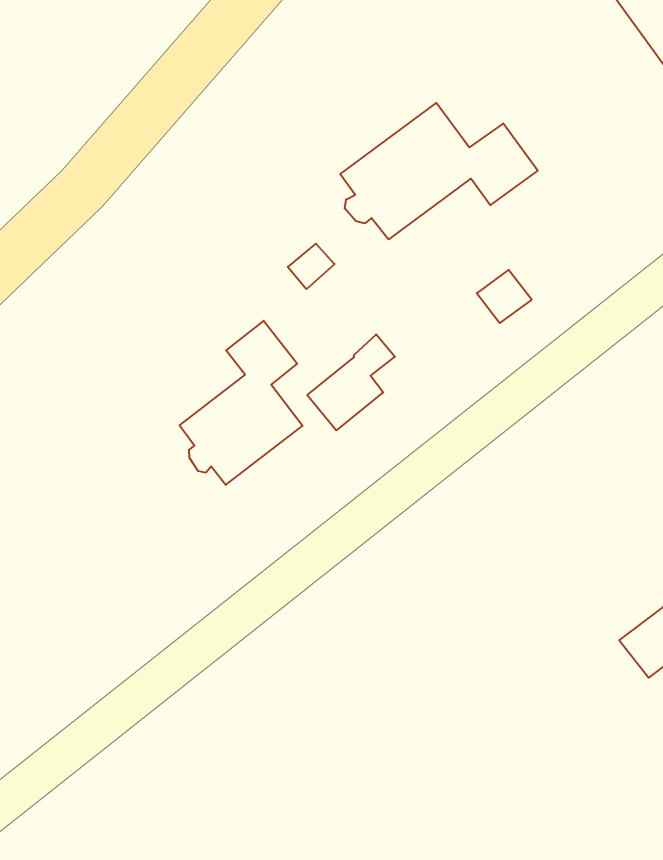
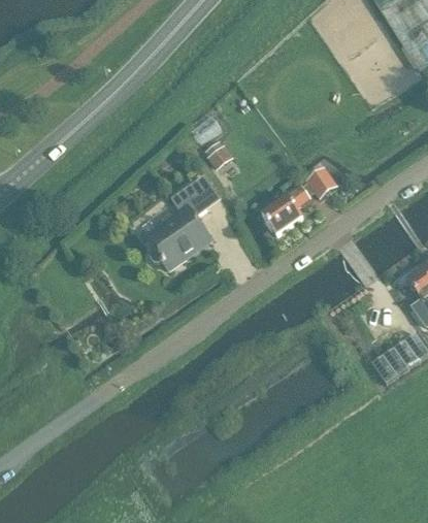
building: [340,103,538,239] -> none
building: [307,334,395,430] -> [262,184,309,233]

